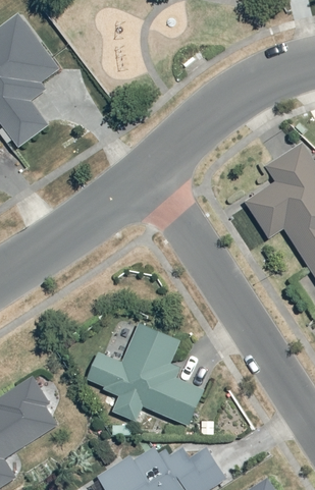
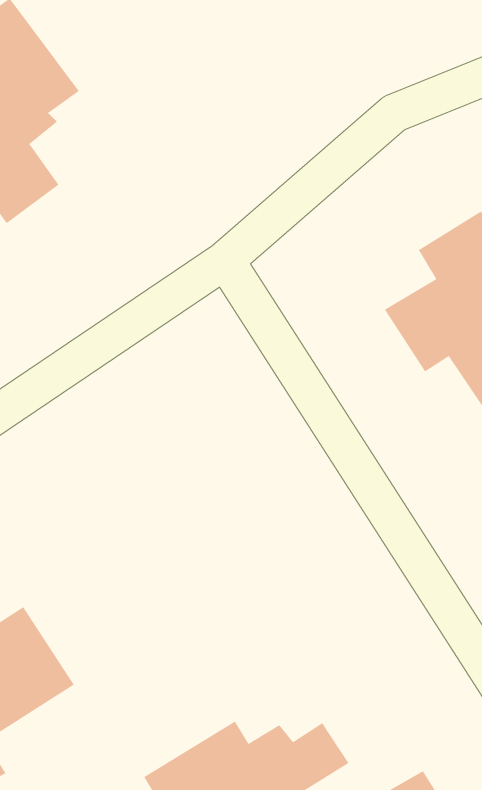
building: [84,322,204,427] -> none

